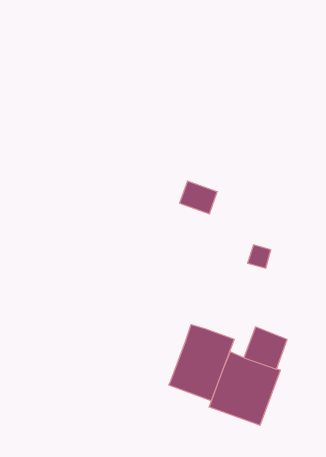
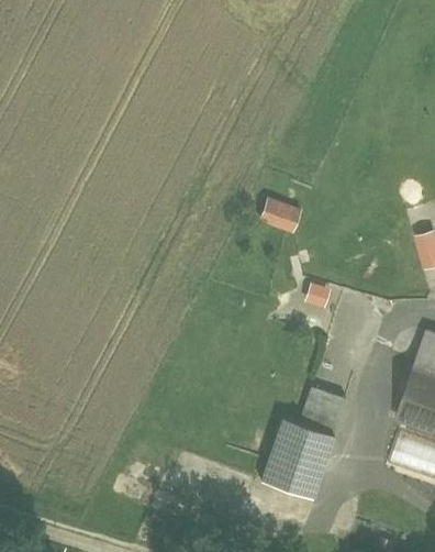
building: [180,181,217,214] -> [260,197,303,234]
building: [169,325,234,401] -> none

